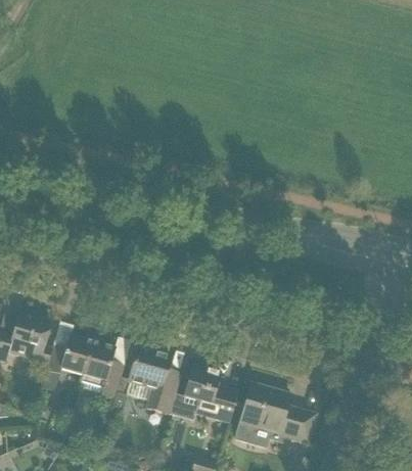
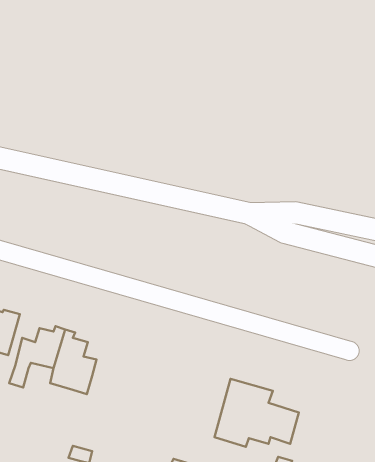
building: [125,350,180,417] -> none
building: [182,367,237,424] -> none

